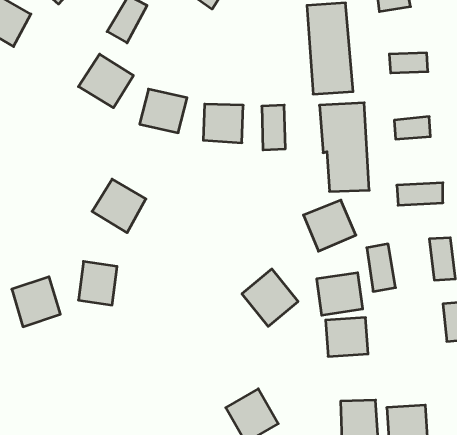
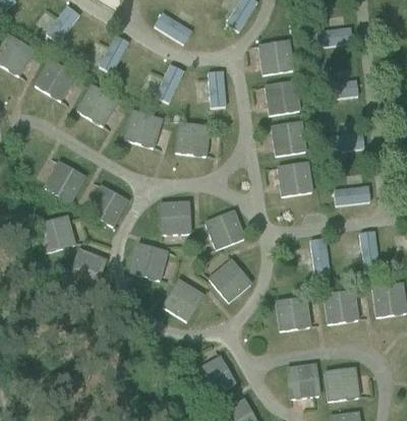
building: none -> [33,60,74,102]
building: none -> [153,64,184,104]
building: [262,105,285,150] -> [207,71,226,108]
building: none -> [42,160,86,203]
building: none -> [158,200,190,235]
building: [303,200,356,251] -> [204,208,246,250]
building: none -> [129,244,166,279]
building: [317,273,363,315] -> [322,290,359,324]
building: [12,277,60,327] -> [37,214,76,254]
building: none -> [161,279,205,321]

